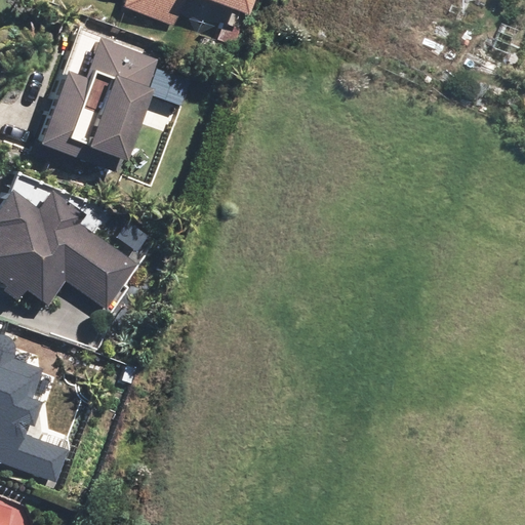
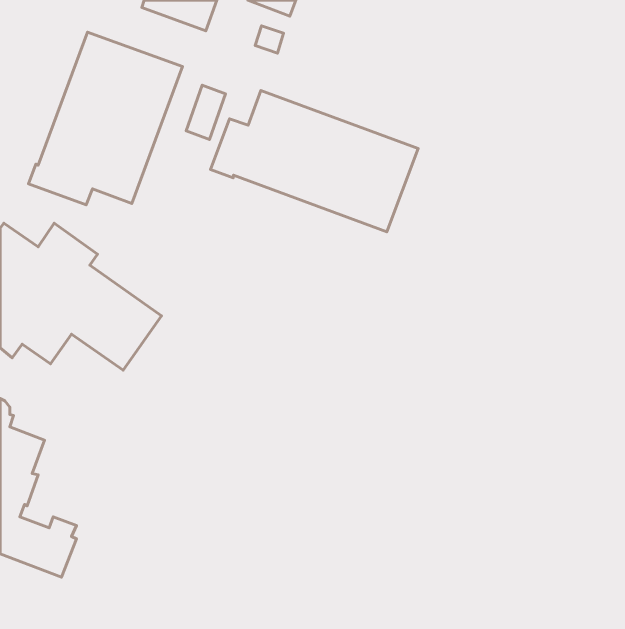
building: none -> [210,90,418,232]

